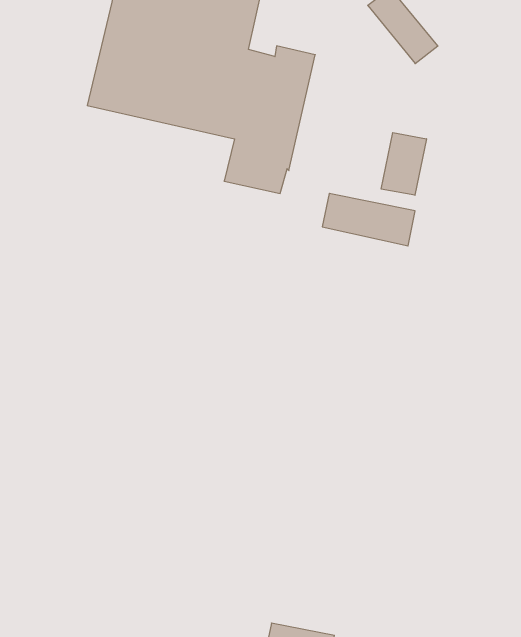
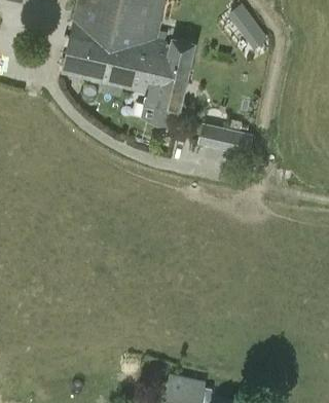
building: [381,133,426,195] -> none

